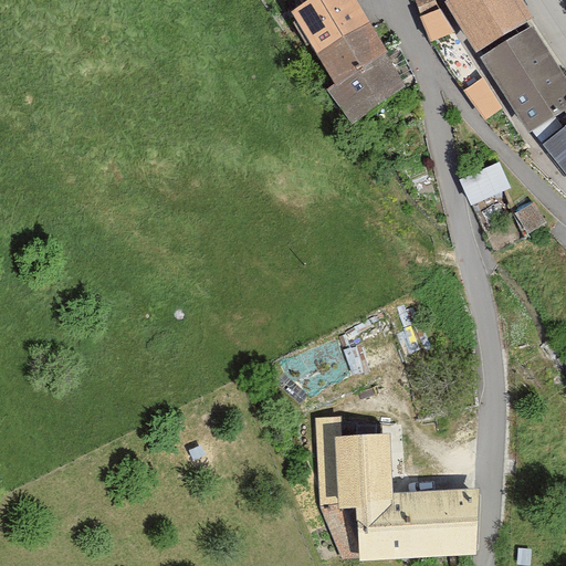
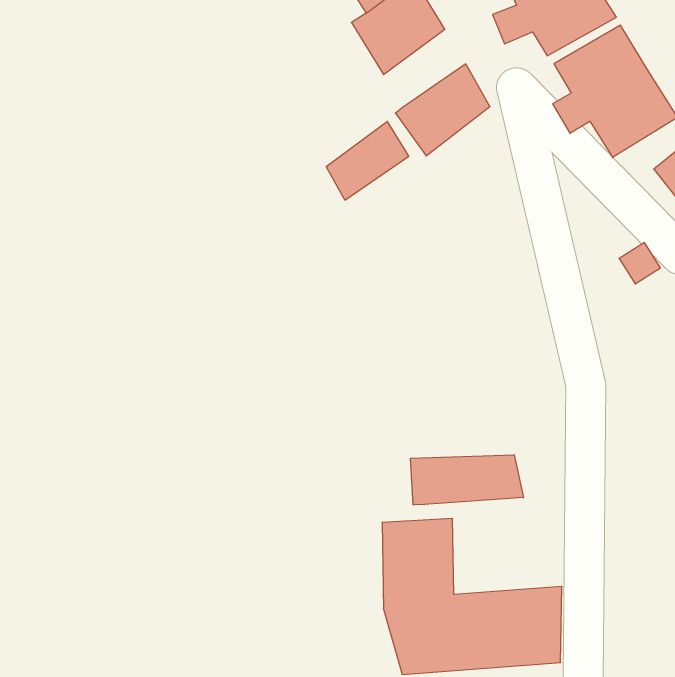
building: [323,24,391,90] -> [326,121,409,200]
building: [464,164,515,207] -> none
building: none -> [411,455,523,505]

